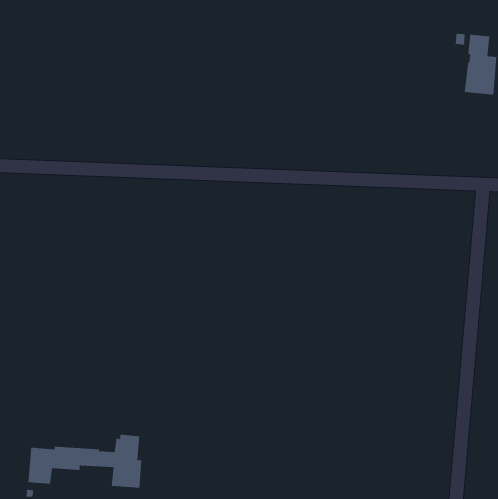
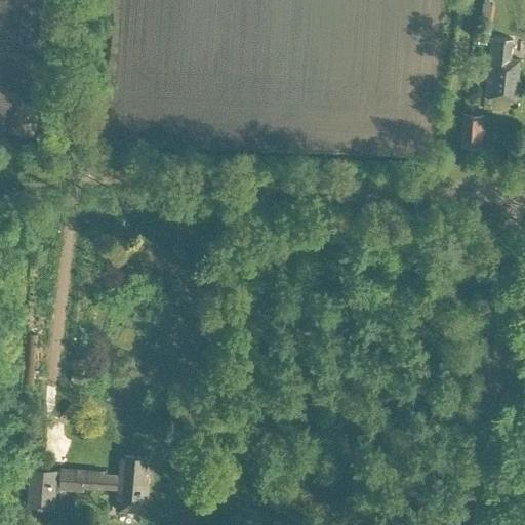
building: none -> [466,115,486,147]

